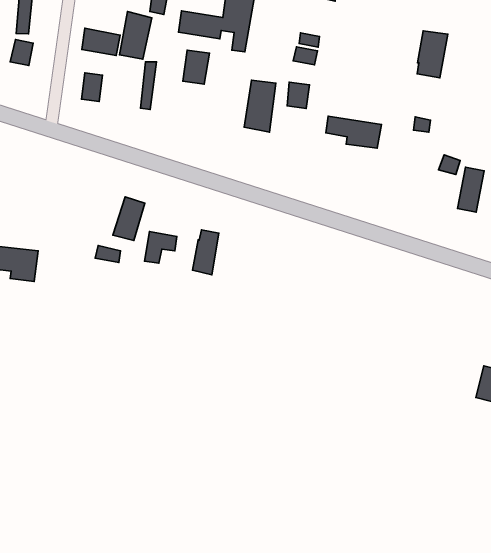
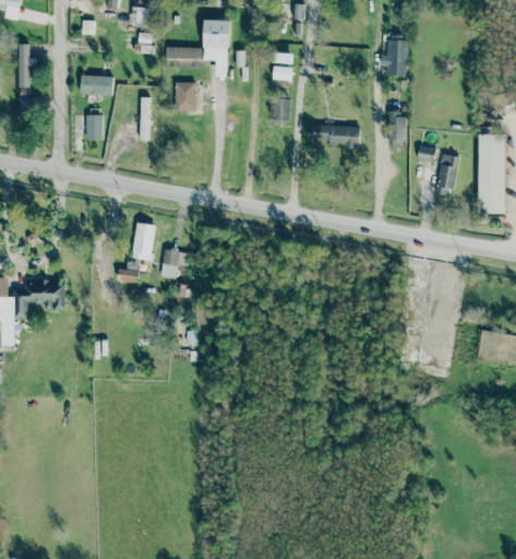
building: [120,11,152,59] -> none
building: [244,80,276,132] -> none
building: [193,230,219,275] -> none

